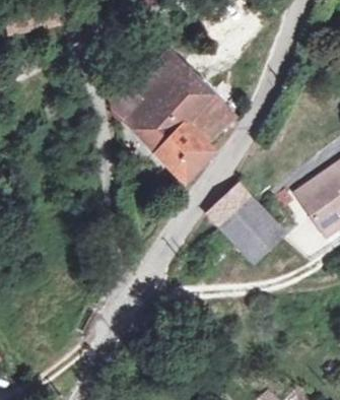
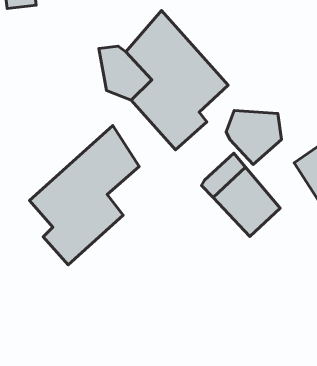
building: none -> [226,110,281,164]
building: none -> [30,126,139,265]

